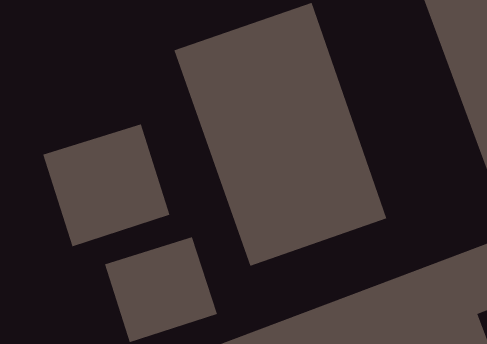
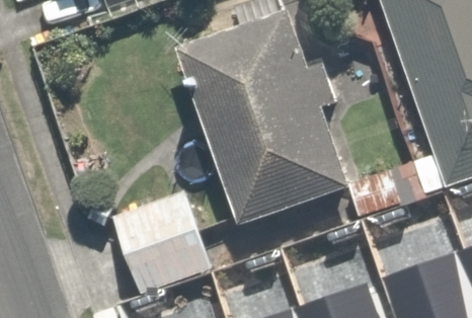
building: [43,123,170,247] -> none

